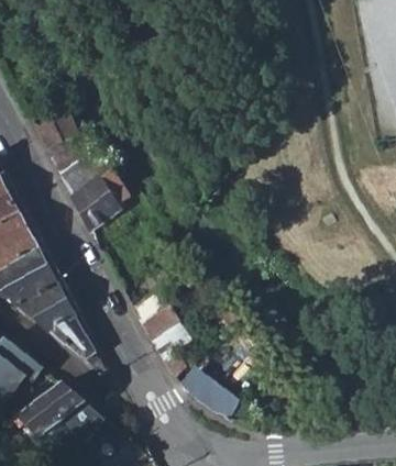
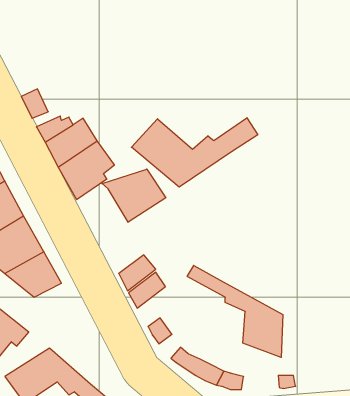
building: none -> [131,118,258,187]
building: none -> [102,169,166,222]
building: none -> [187,265,283,357]
building: [47,315,106,373] -> none

